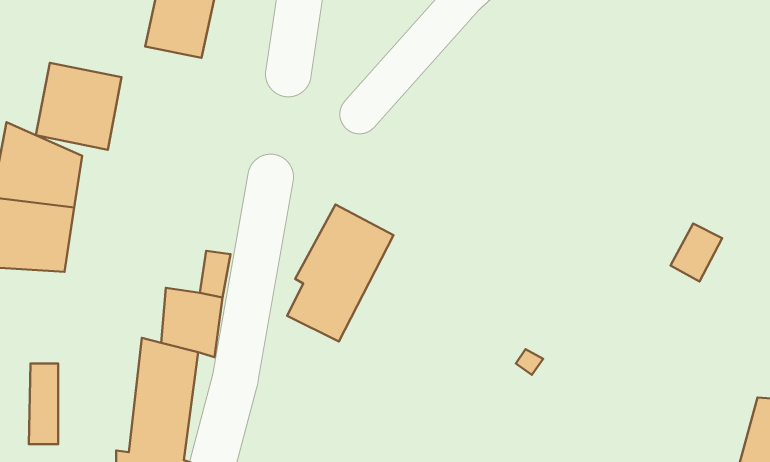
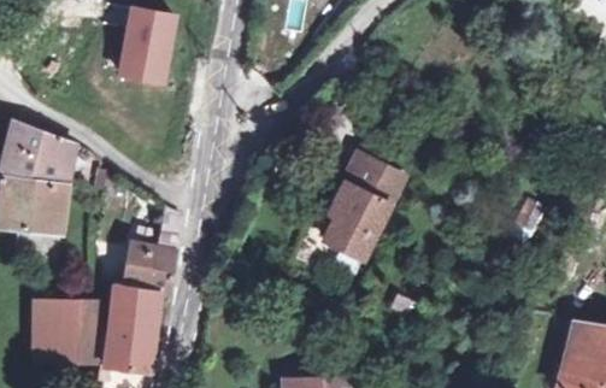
building: [36,63,122,150] -> none
building: [287,205,394,341] -> [330,148,410,251]
building: none -> [53,300,98,360]

